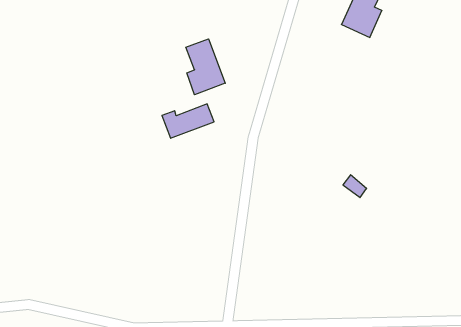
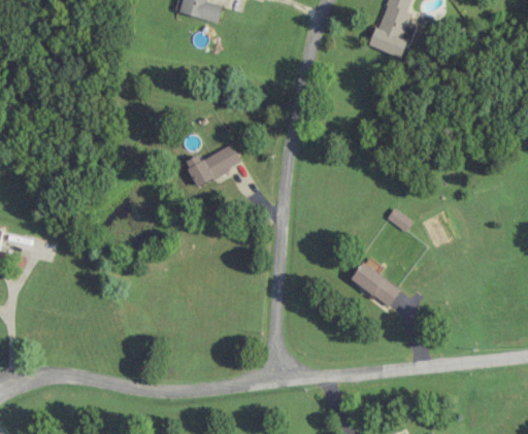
building: [186,39,225,95] -> none
building: none -> [351,262,401,305]

